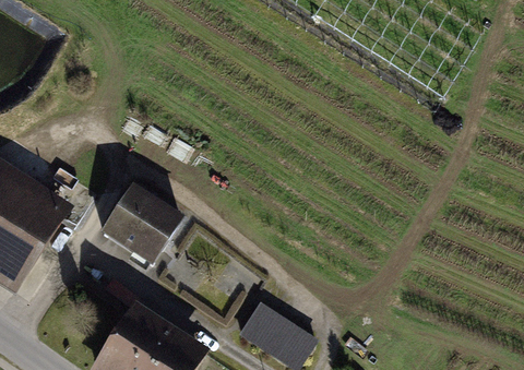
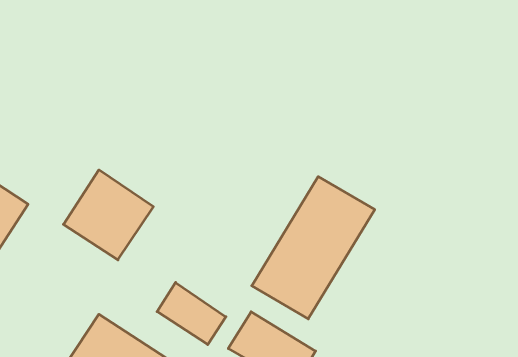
building: none -> [252,177,375,319]
building: none -> [157,282,226,345]

